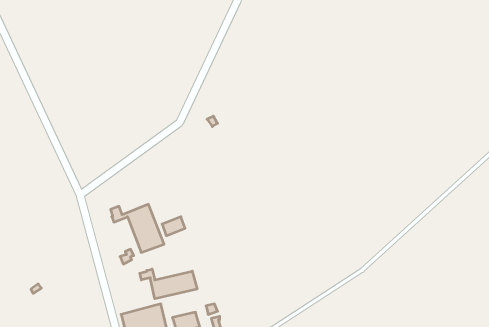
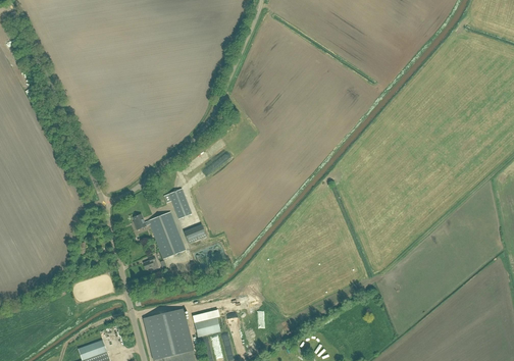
building: none -> [163,189,191,218]
building: [140,269,197,299] -> none

